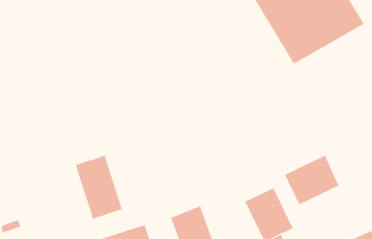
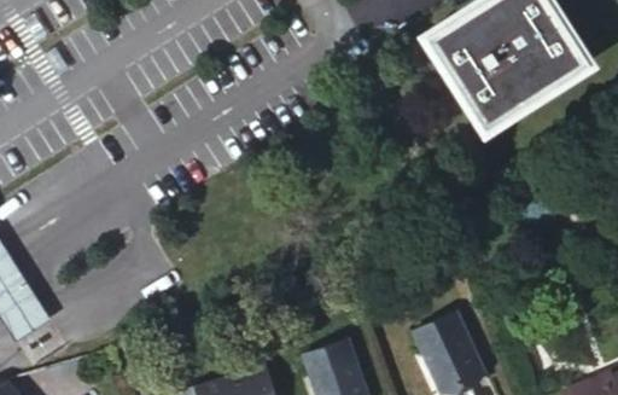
building: [285,155,339,205] -> none
building: [75,155,123,219] -> none

